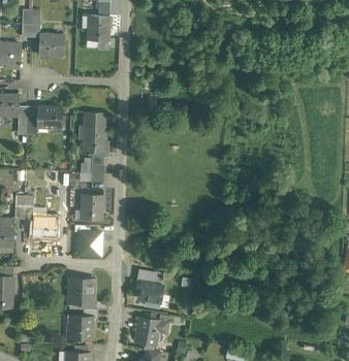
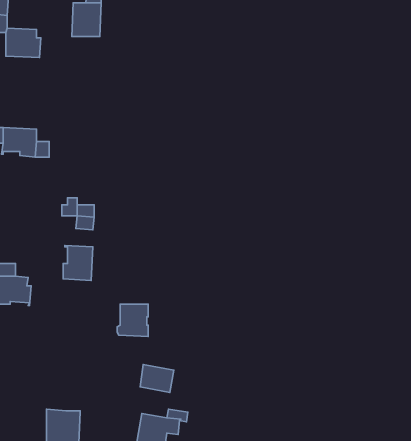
building: [83,112,107,152] -> none
building: [77,232,100,256] -> [117,304,148,337]
building: [68,277,94,303] -> none

